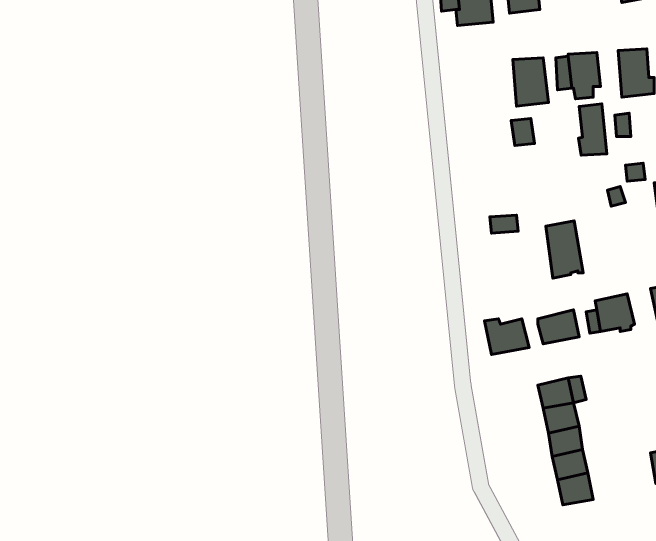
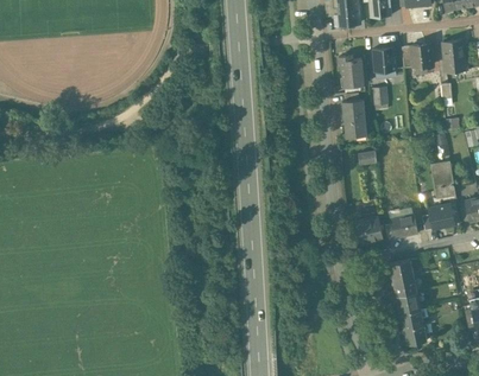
building: none -> [339,56,363,87]
building: [578,104,607,155] -> none
building: none -> [342,100,366,138]
building: [546,221,583,278] -> [430,161,455,199]

